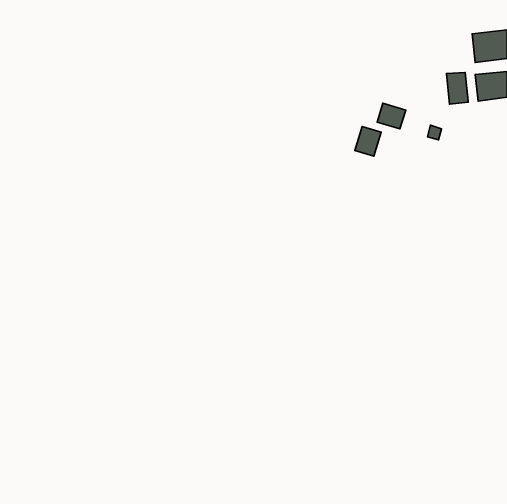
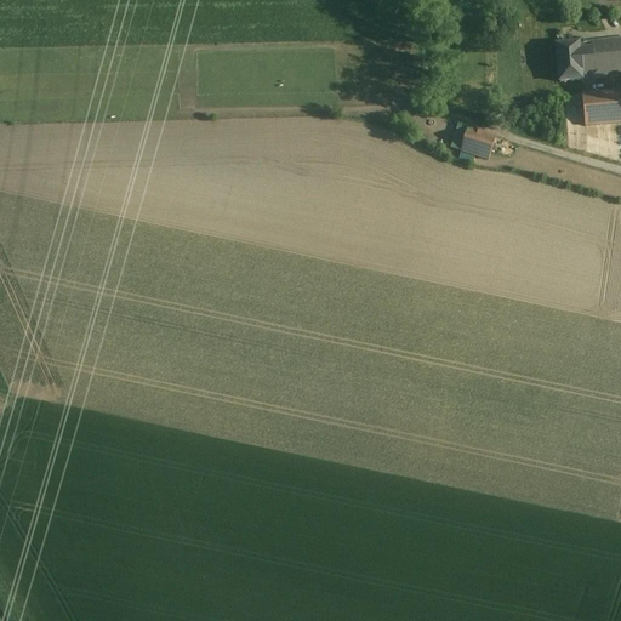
building: [446,73,468,104] -> [554,41,581,80]
building: [355,127,381,156] -> none

